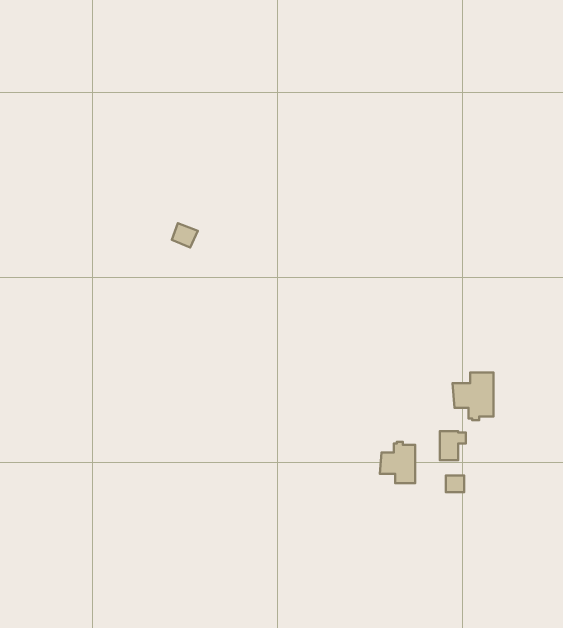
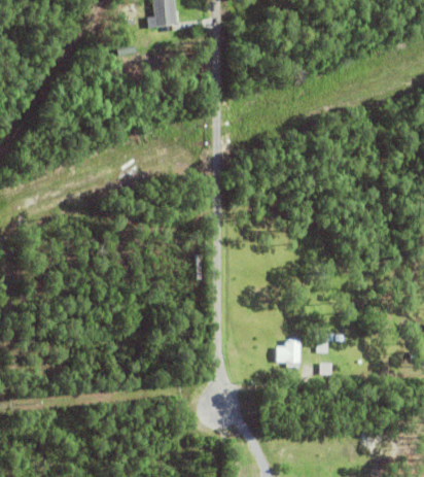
building: [453,373,493,420] -> none

